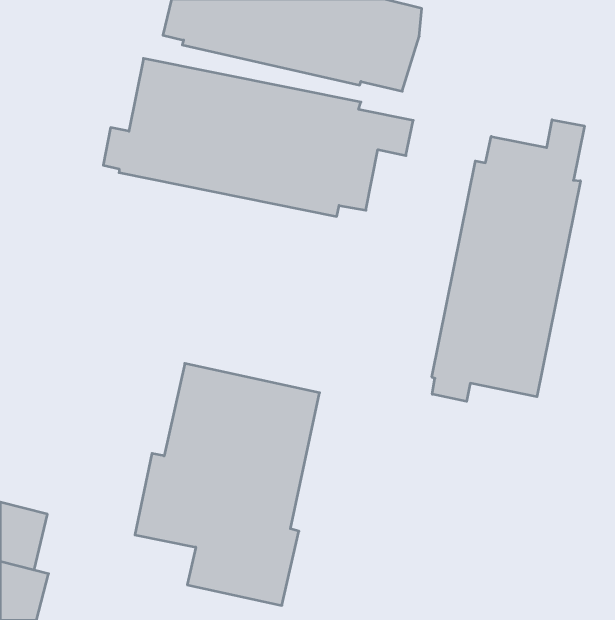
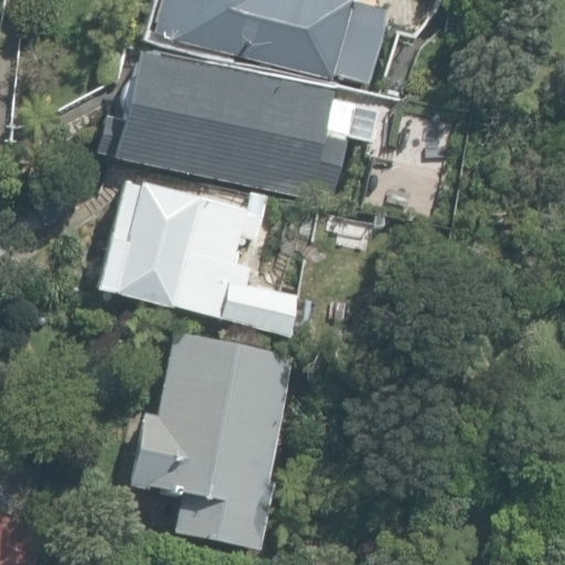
building: [432,120,584,401] -> none
building: none -> [97,183,296,335]

